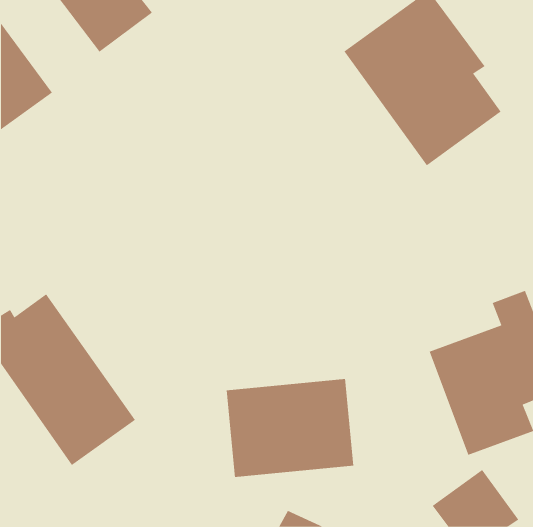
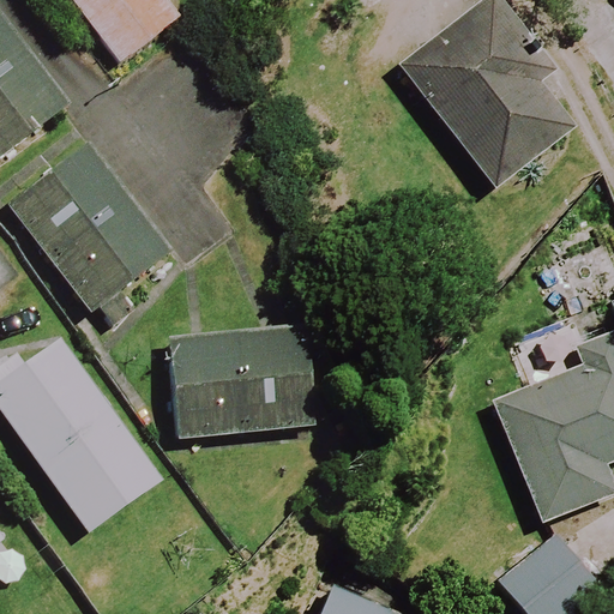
building: none -> [12,148,169,311]
building: [226,379,354,477] -> [167,326,313,439]

